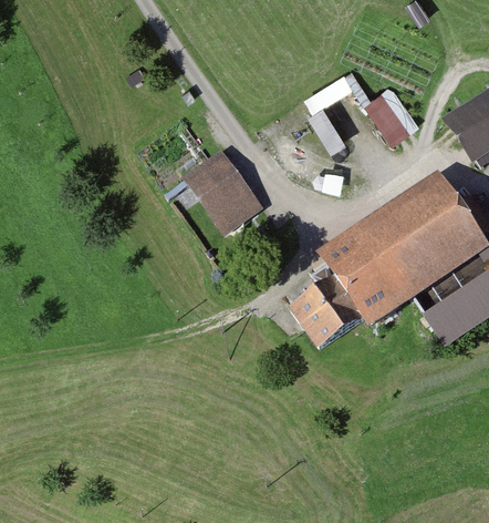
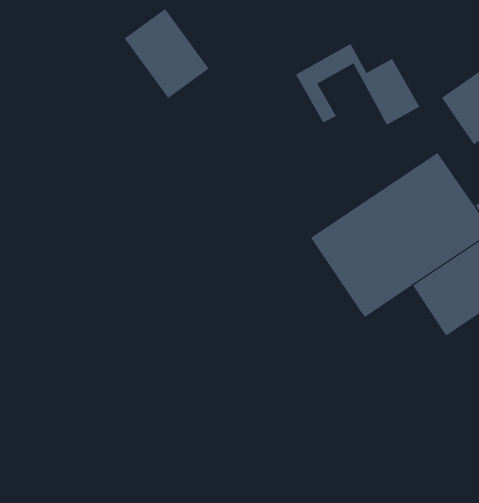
building: [181,148,263,235] -> [124,8,210,99]
building: [288,276,362,349] -> none

